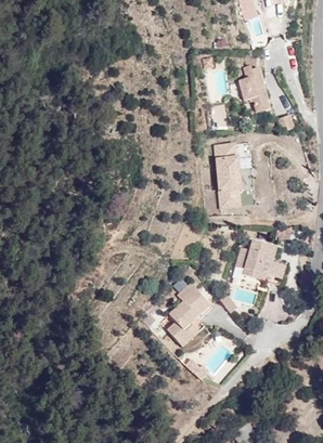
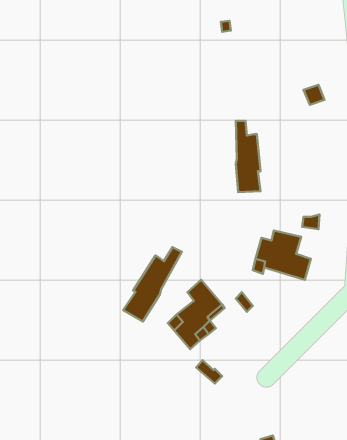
building: [238,65,270,112] -> none
building: none -> [123,247,182,322]

